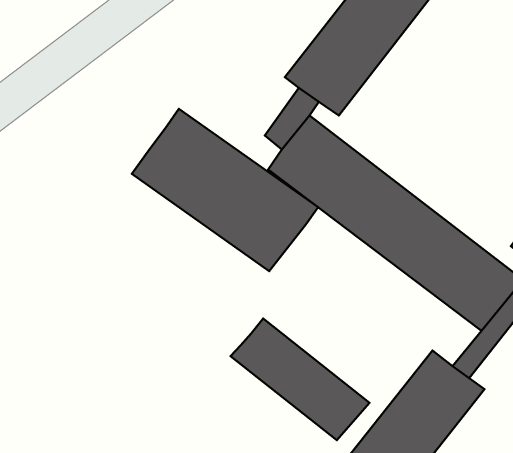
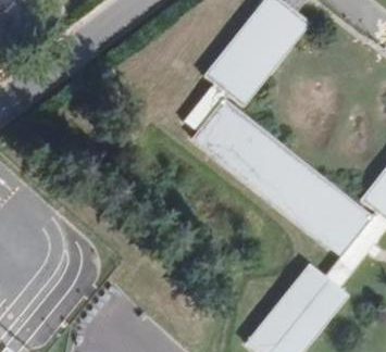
building: [132,109,318,271] -> none
building: [231,319,370,440] -> none

